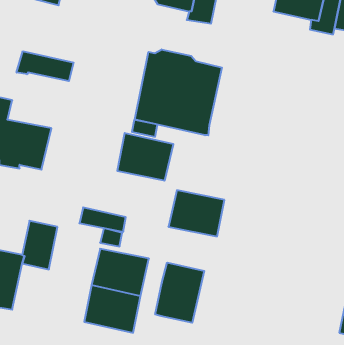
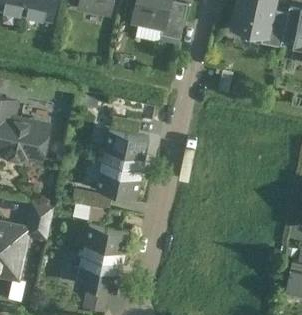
building: [135,49,222,135] -> none
building: [17,51,74,81] -> none
building: [168,190,224,236] -> [96,159,142,197]
building: [155,263,204,323] -> none

